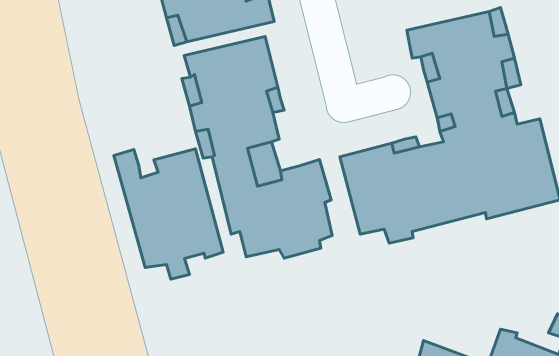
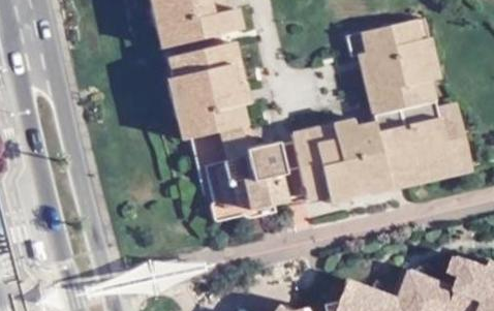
building: [114,149,223,279] -> none

